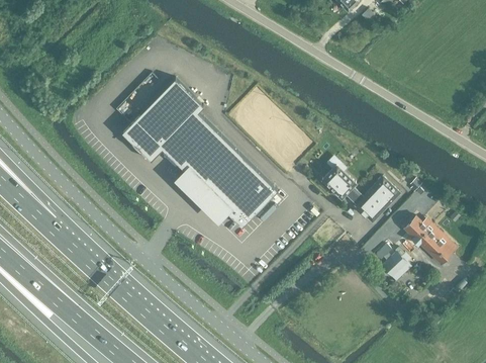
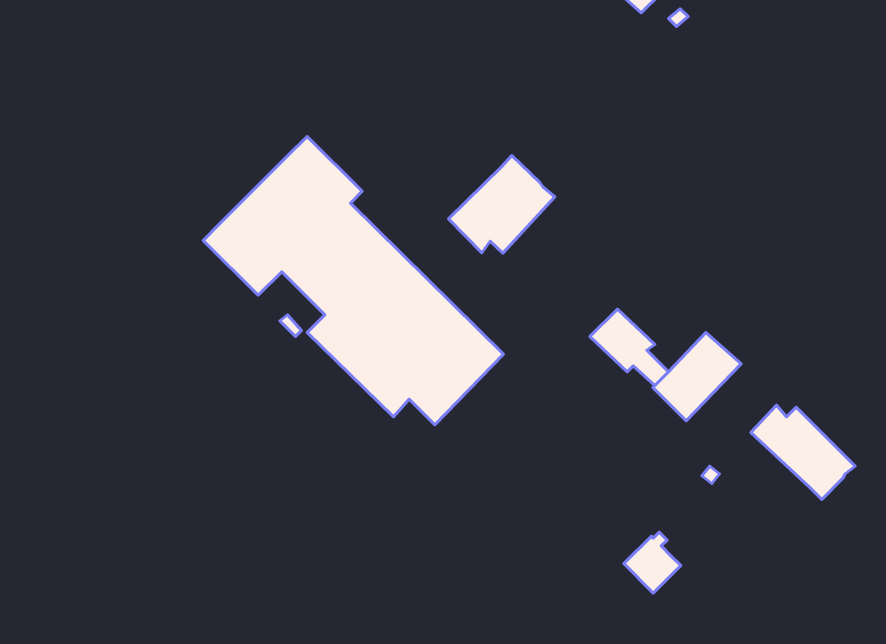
building: none -> [449,156,555,253]
building: [381,252,410,283] -> [624,532,681,593]

